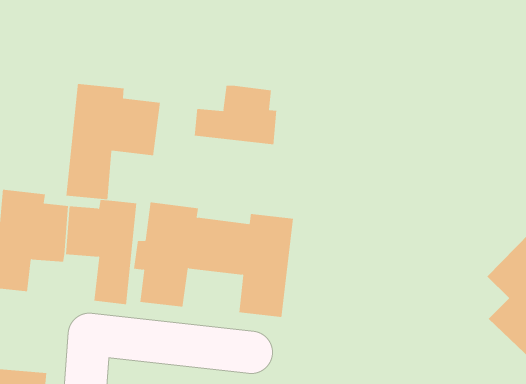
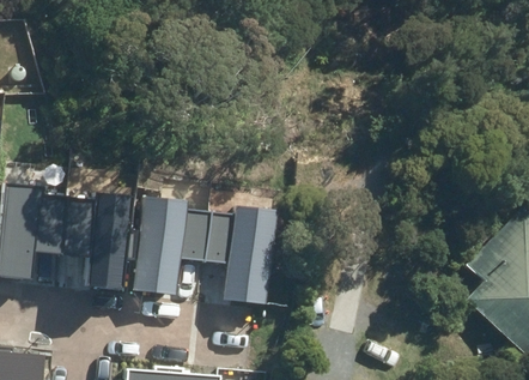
building: [66,83,160,200] -> none
building: [194,85,277,145] -> none

